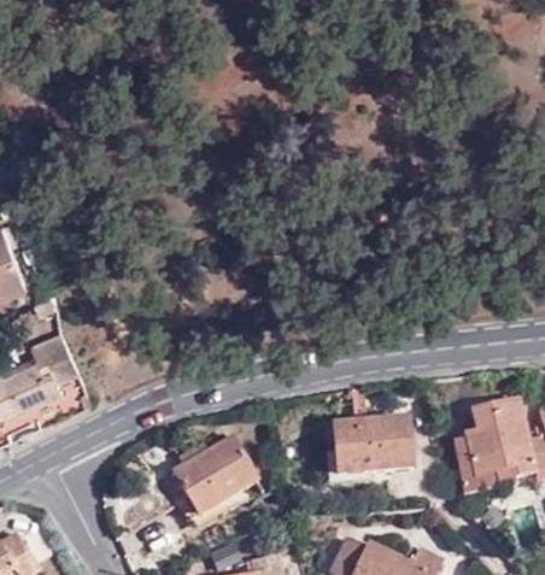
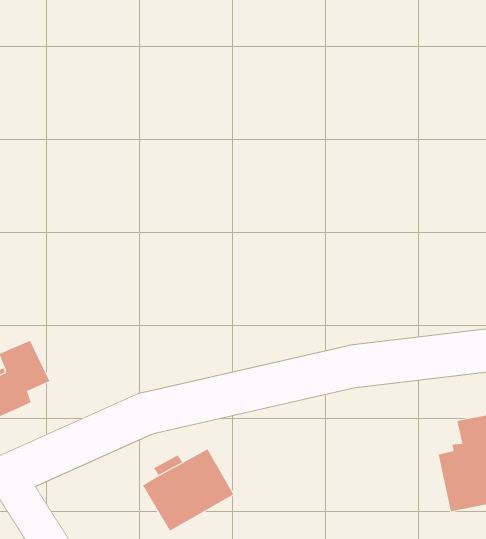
building: [338,410,417,471] -> none

